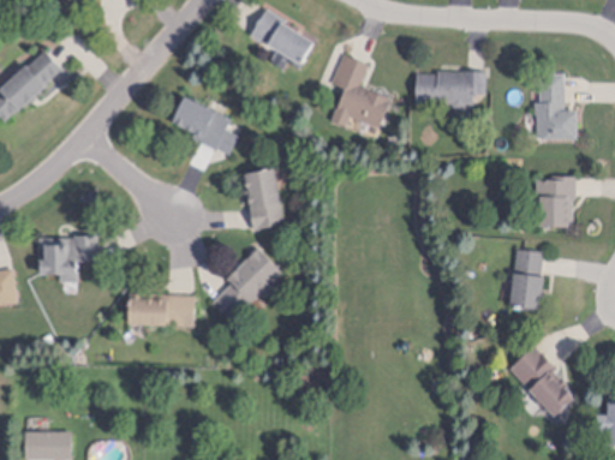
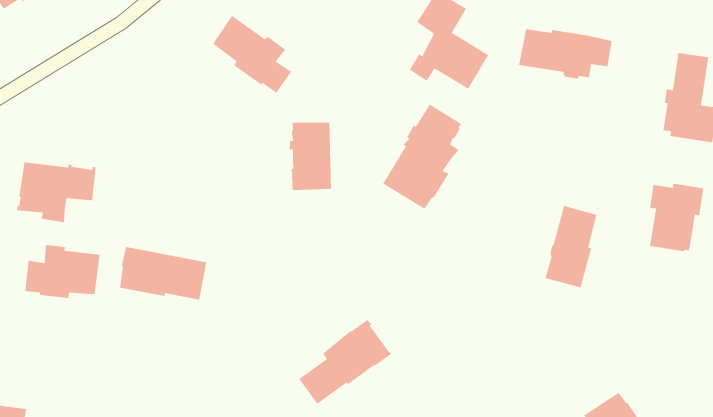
building: none -> [382,103,462,210]
building: [210,246,281,319] -> [298,319,392,405]
building: [509,249,543,312] -> [544,205,597,289]
building: none -> [24,244,100,299]

